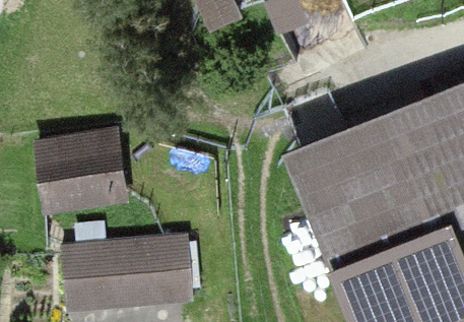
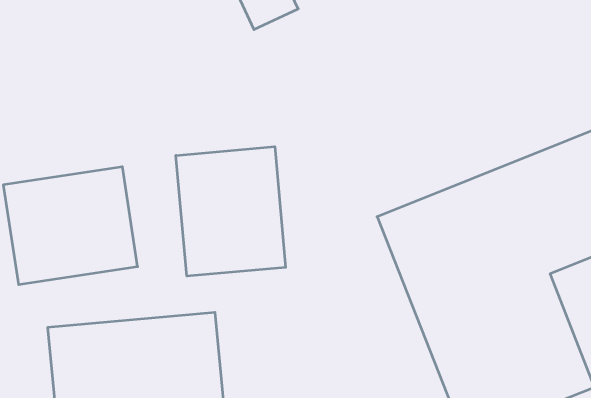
building: none -> [176,147,286,276]

